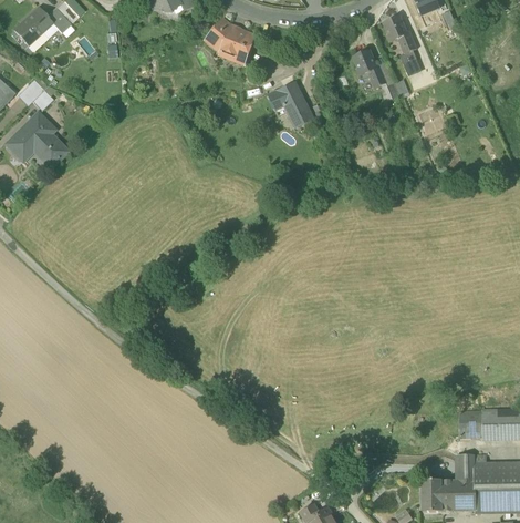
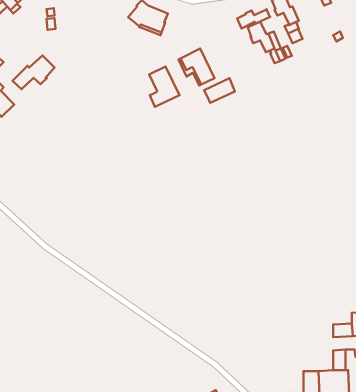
building: none -> [237,9,270,28]
building: none -> [13,56,55,89]
building: none -> [149,66,180,107]
building: none -> [204,78,235,103]

